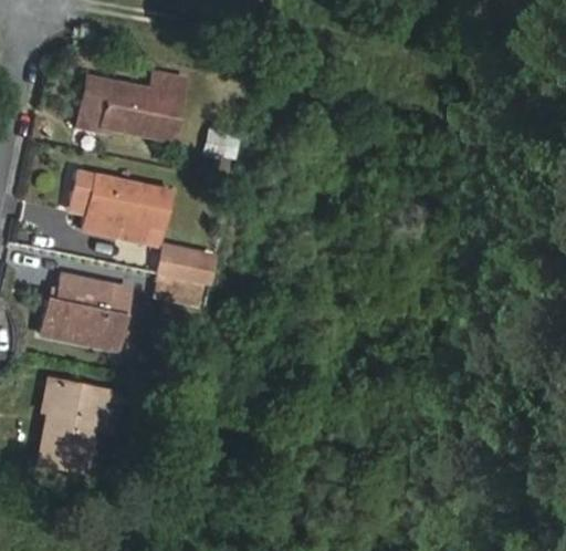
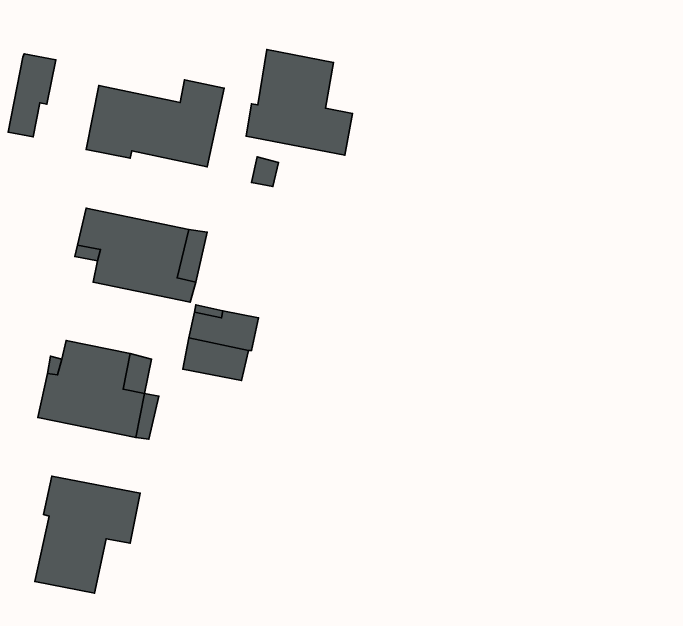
building: none -> [246,50,352,155]
building: none -> [8,54,56,137]

